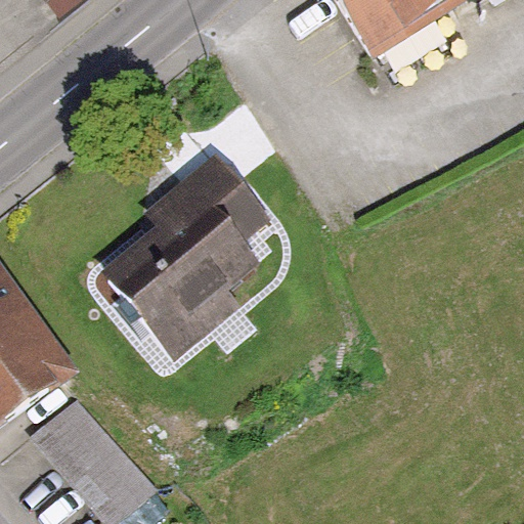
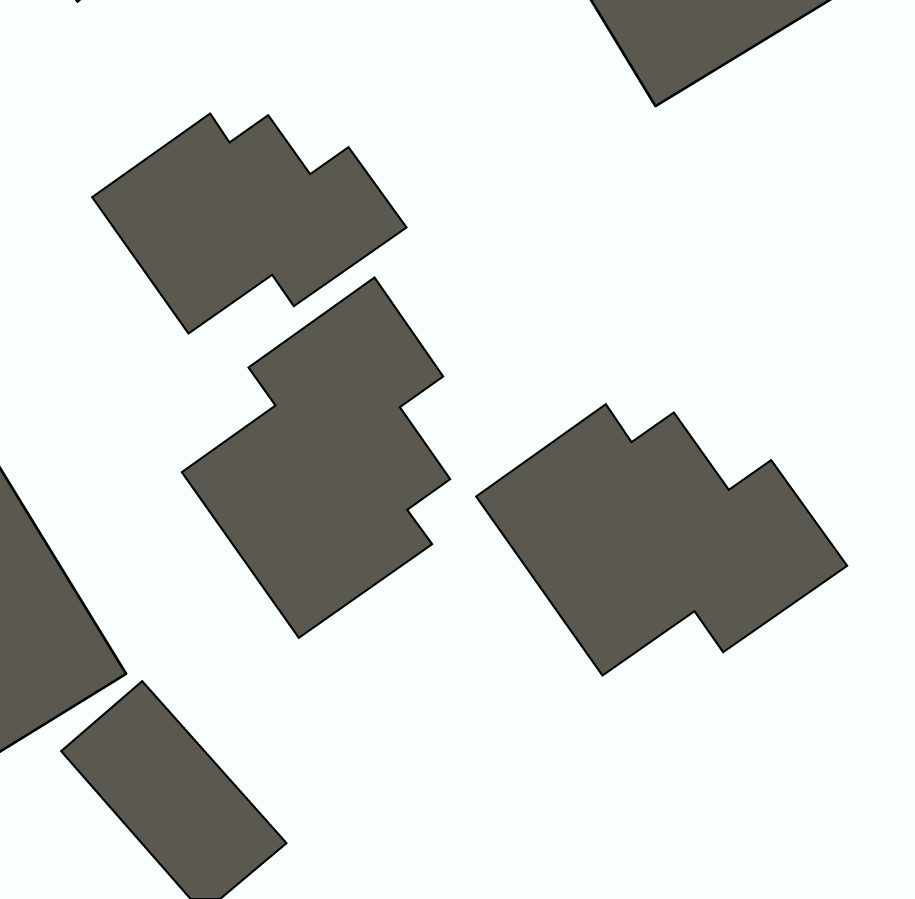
building: none -> [92,113,407,334]
building: none -> [476,404,847,676]

